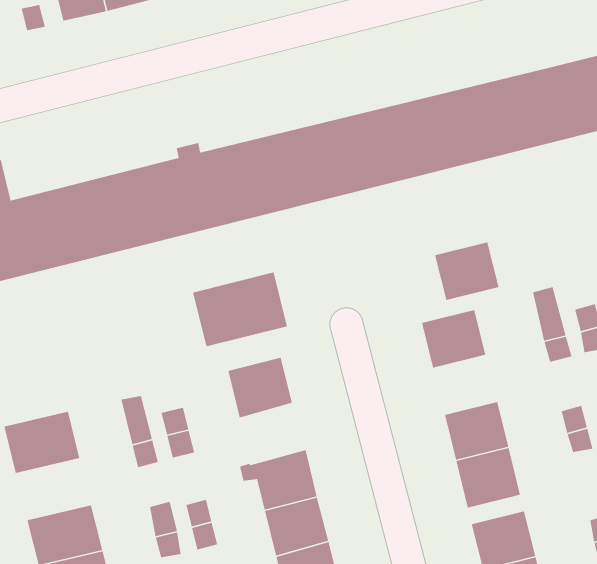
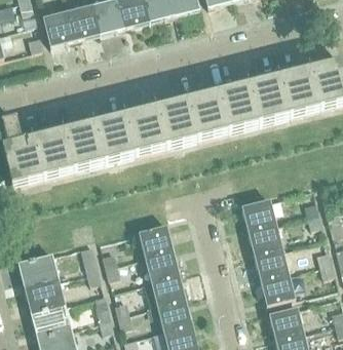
building: [434,241,499,301] -> [247,224,282,256]
building: [192,272,288,347] -> none
building: none -> [144,249,180,282]
building: none -> [24,279,65,312]

